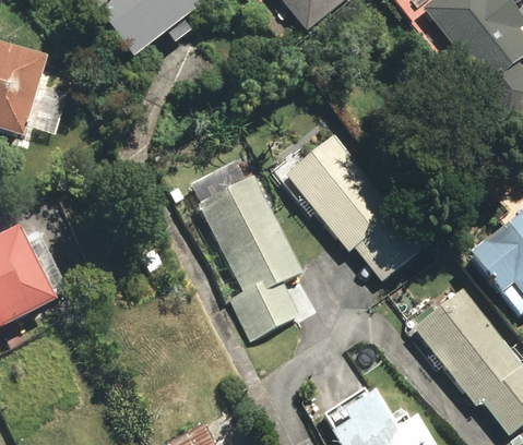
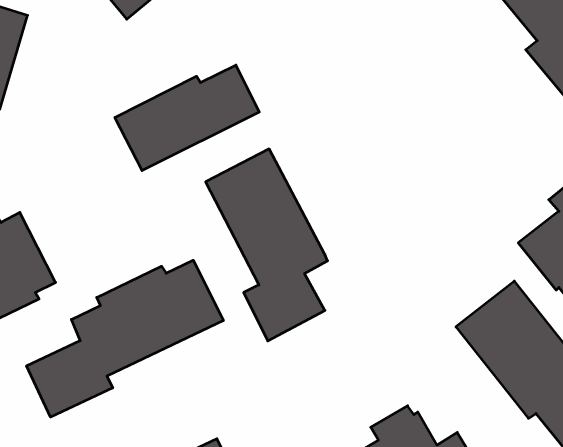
building: none -> [115,65,259,171]
building: [284,133,424,279] -> none
building: none -> [27,260,223,417]

